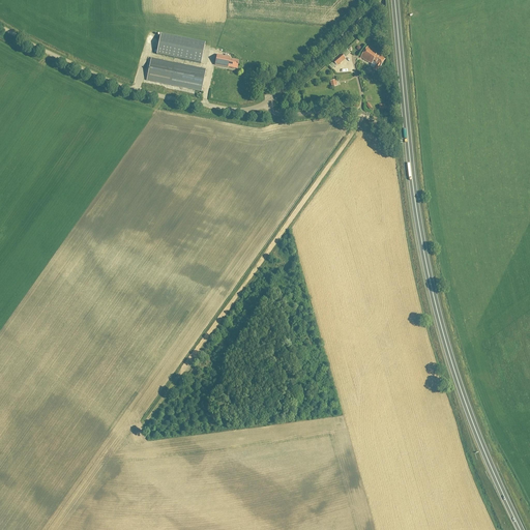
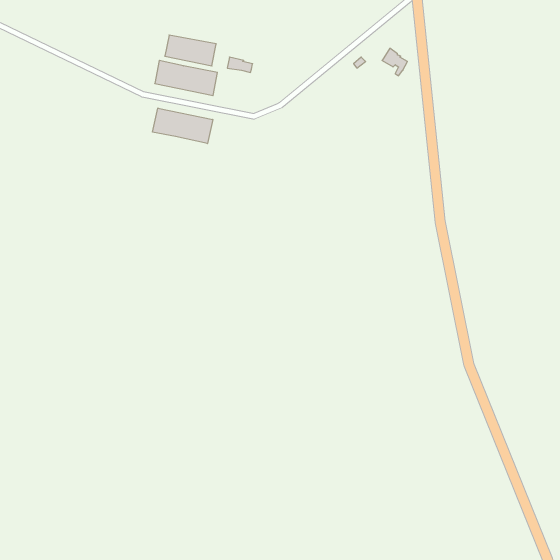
building: none -> [153,108,213,144]

